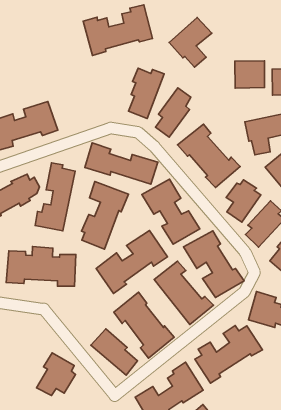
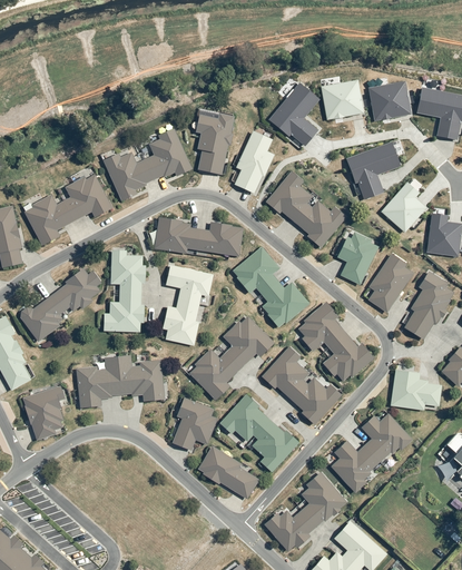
building: [83,5,153,56] -> [102,128,193,202]
building: [169,17,212,67] -> [267,82,318,145]
building: [37,353,75,396] -> [171,396,217,450]

